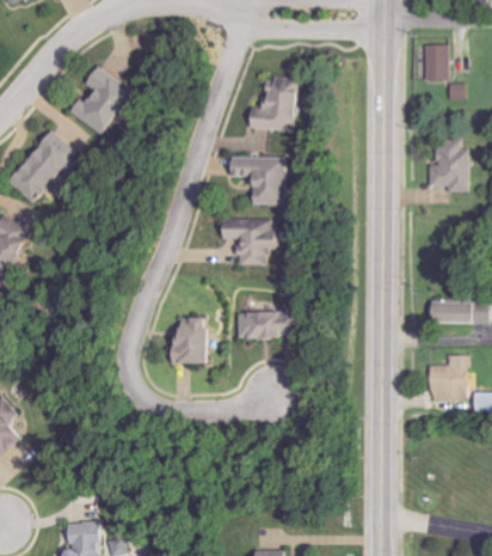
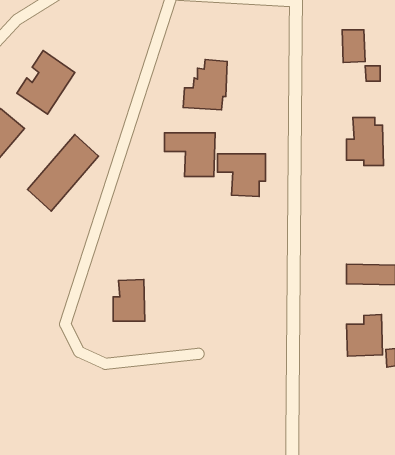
building: none -> [27,134,99,211]
building: [222,219,275,265] -> [217,154,266,196]
building: [236,310,303,337] -> none

